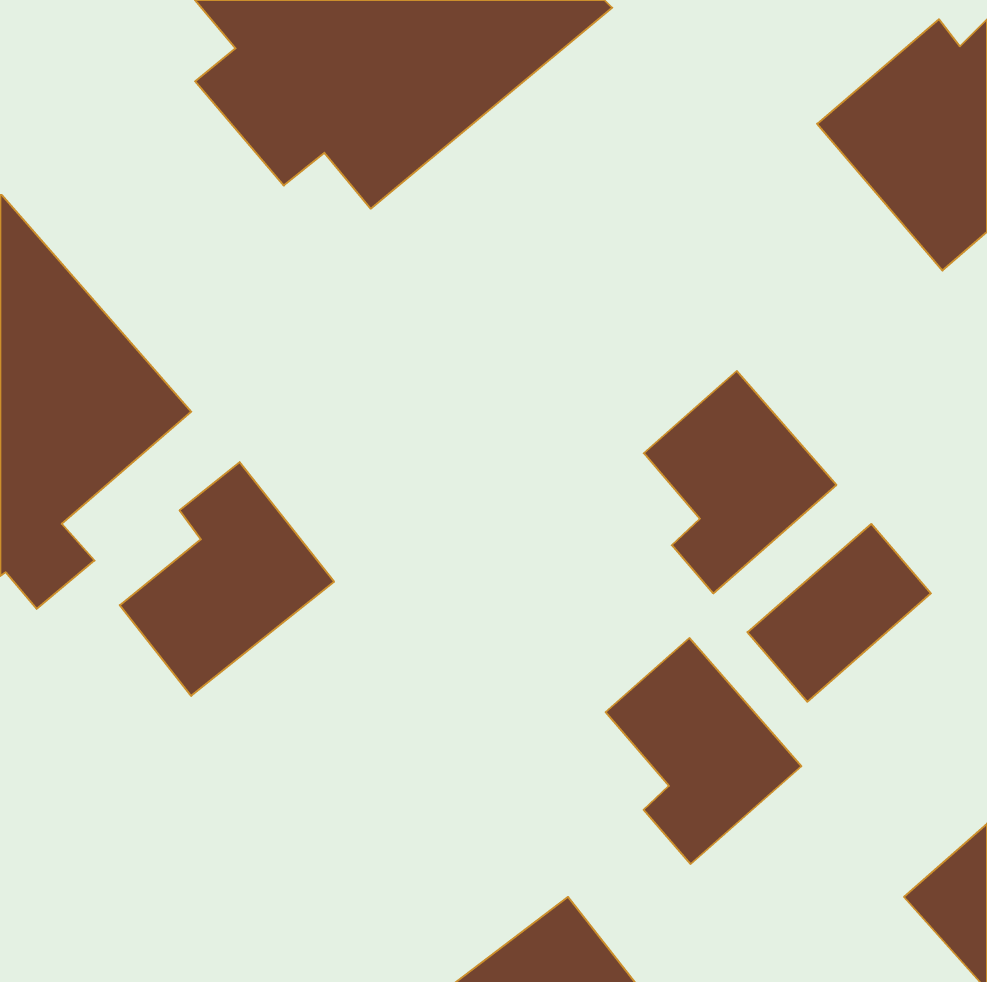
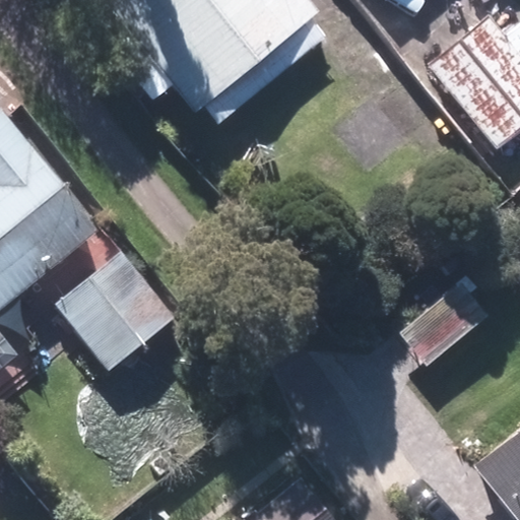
building: [644,371,836,593] -> none
building: [606,638,801,864] -> none

